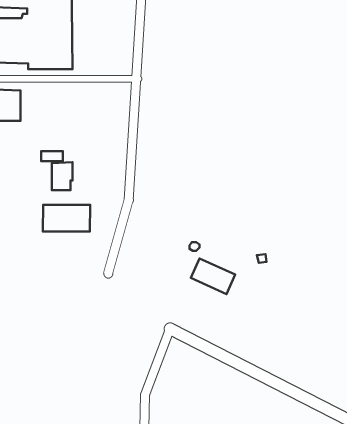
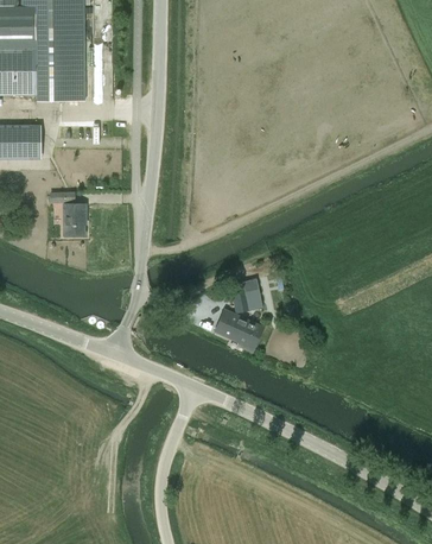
building: [43,205,90,231] -> none
building: none -> [230,276,262,312]

